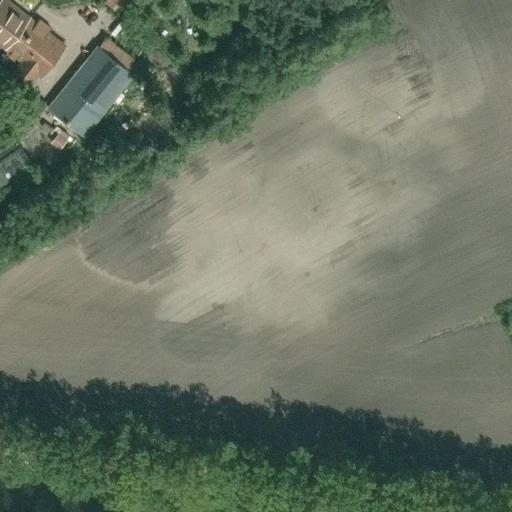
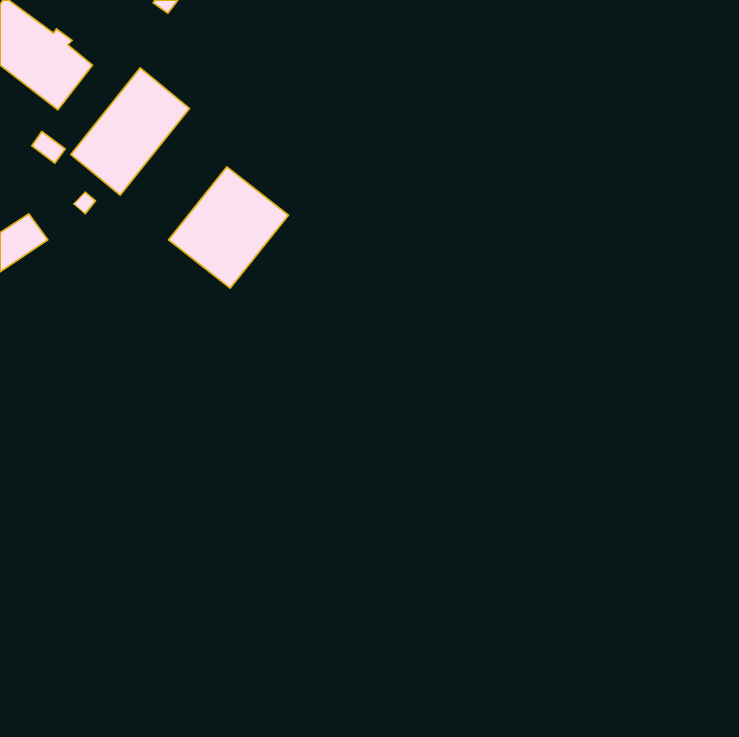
building: none -> [168,167,289,288]

